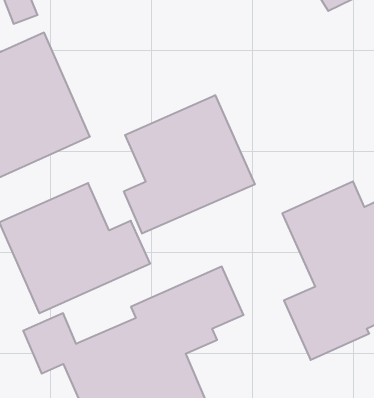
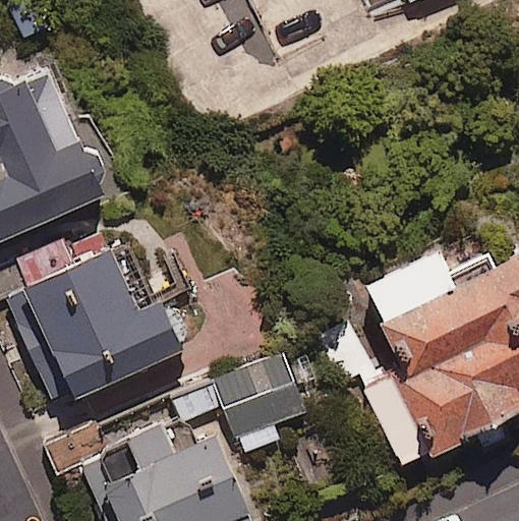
building: [124,95,255,234] -> none

